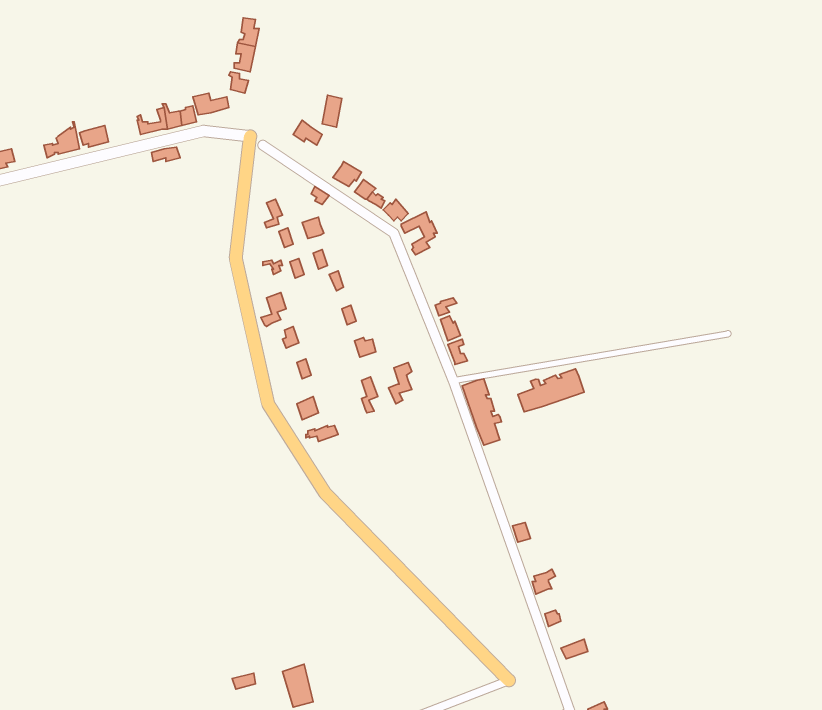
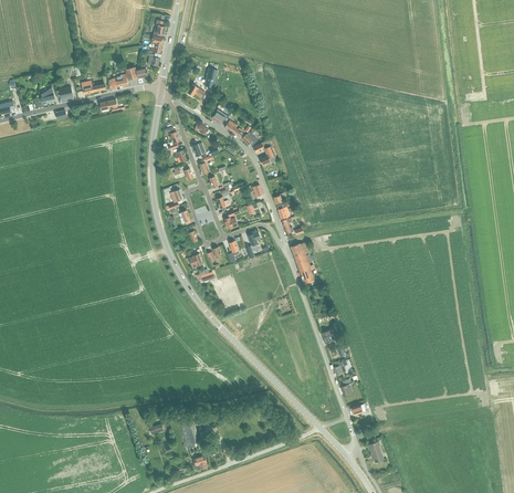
building: [518,369,584,412] -> none

